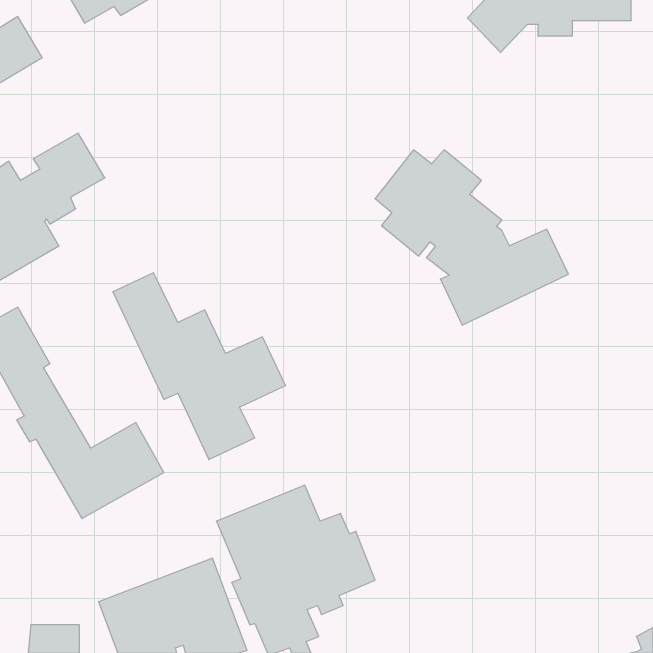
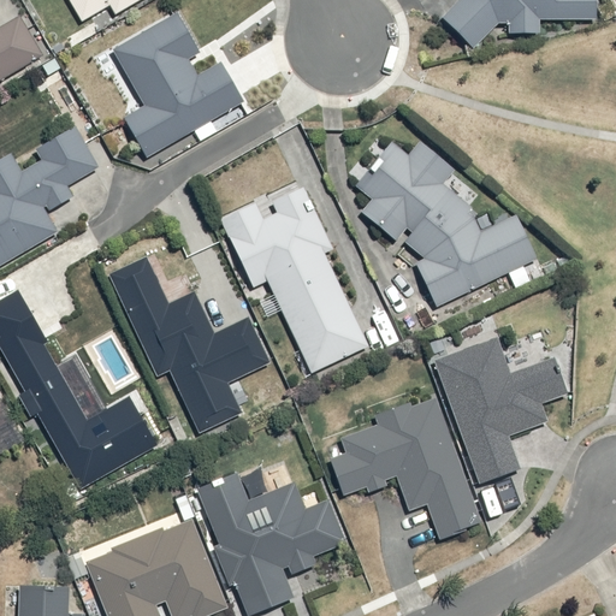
building: none -> [109,11,242,158]
building: none -> [220,185,367,373]
building: none -> [440,342,571,482]
building: none -> [337,398,482,537]

